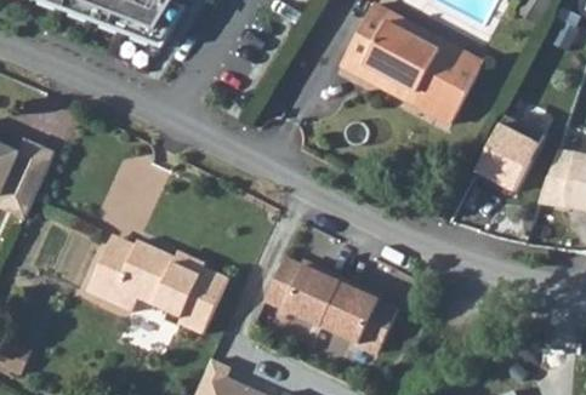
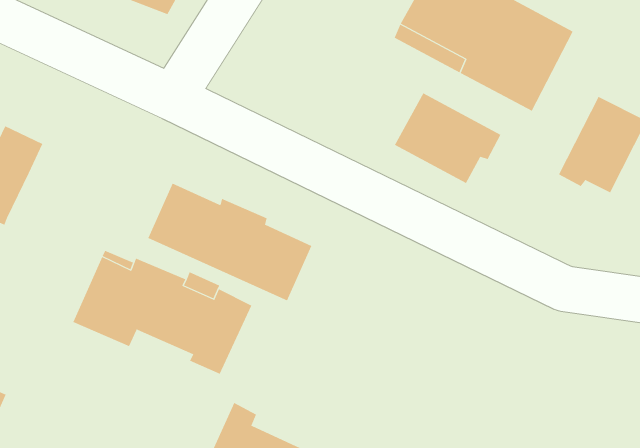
building: none -> [394,92,501,184]
building: [266,257,396,350] -> [148,183,312,301]

